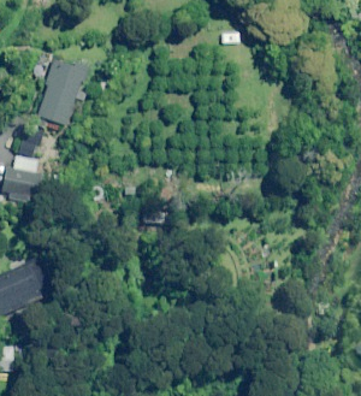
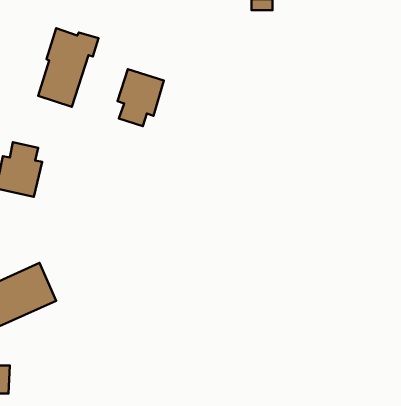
building: none -> [118,69,164,126]

